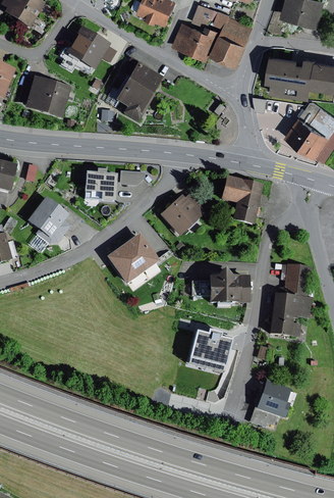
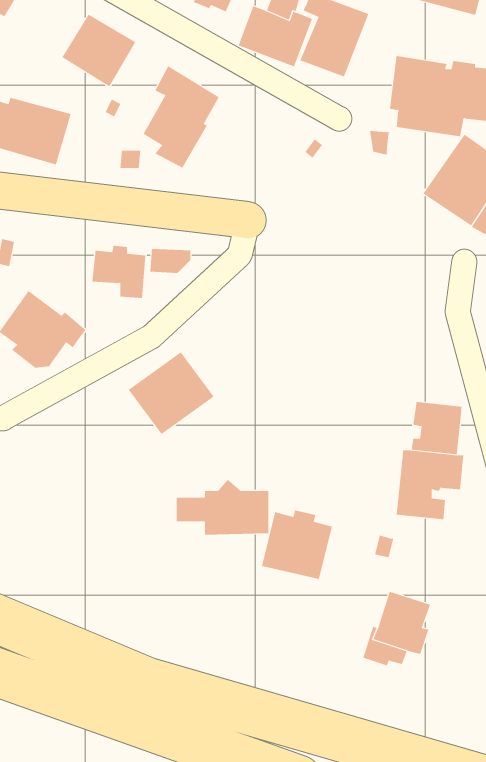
building: [220,176,263,226] -> none
building: [160,194,205,236] -> none
building: [191,269,248,304] -> [176,479,269,535]

